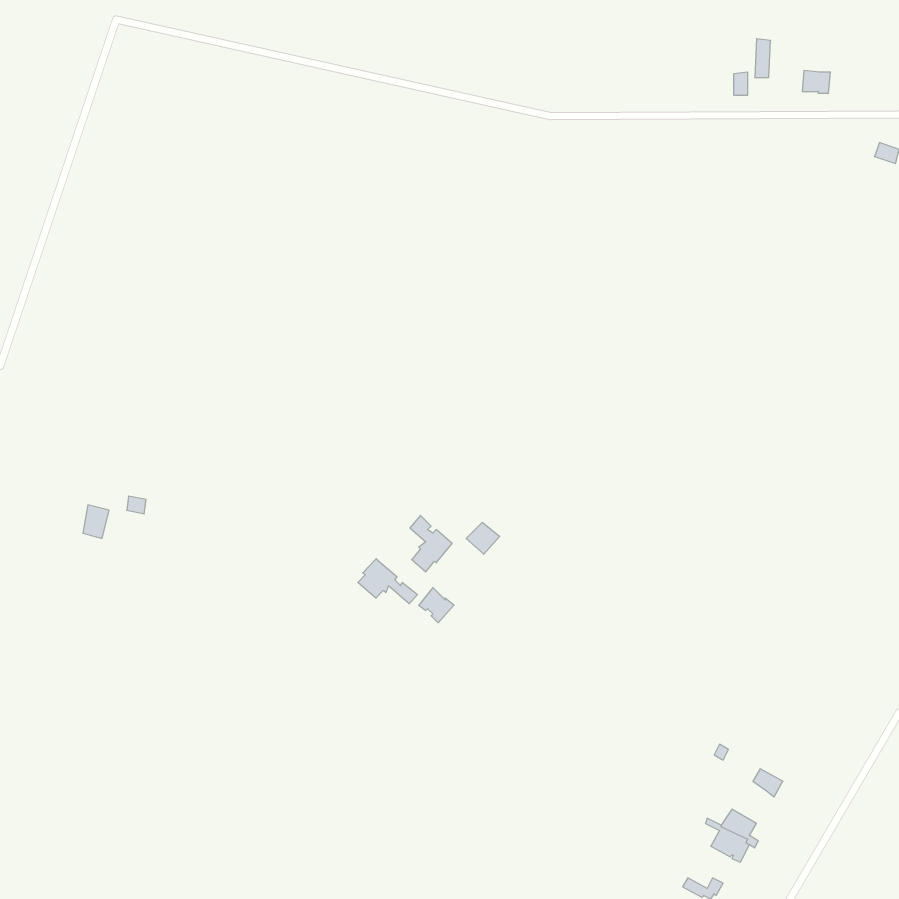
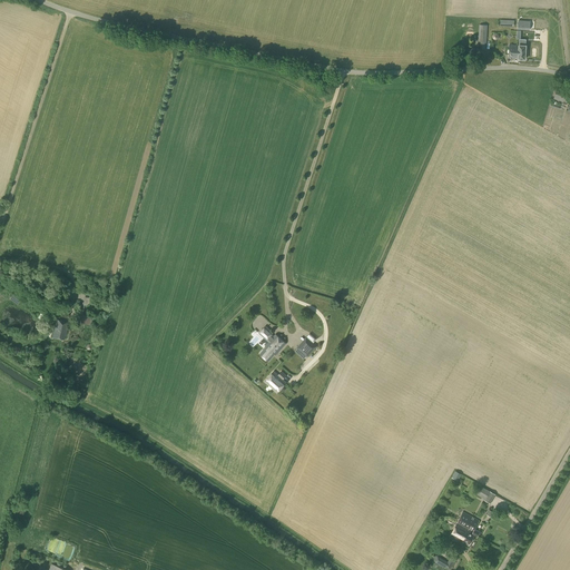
building: [358,559,417,604] -> none

